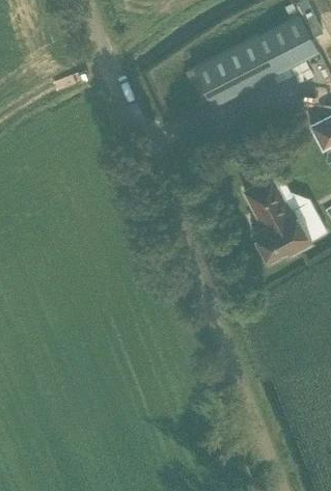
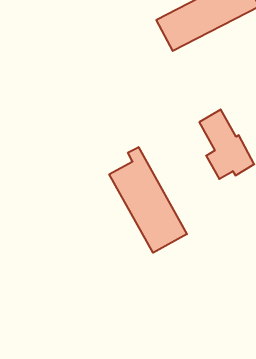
building: none -> [109,147,187,253]

